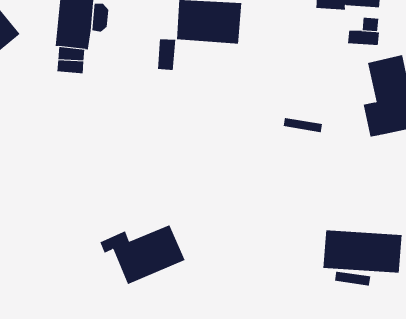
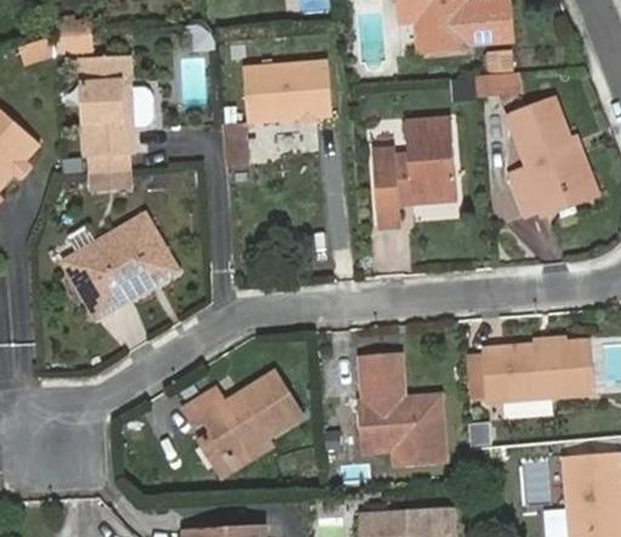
building: none -> [371,119,456,224]
building: none -> [64,215,176,316]
building: none -> [357,352,444,465]

